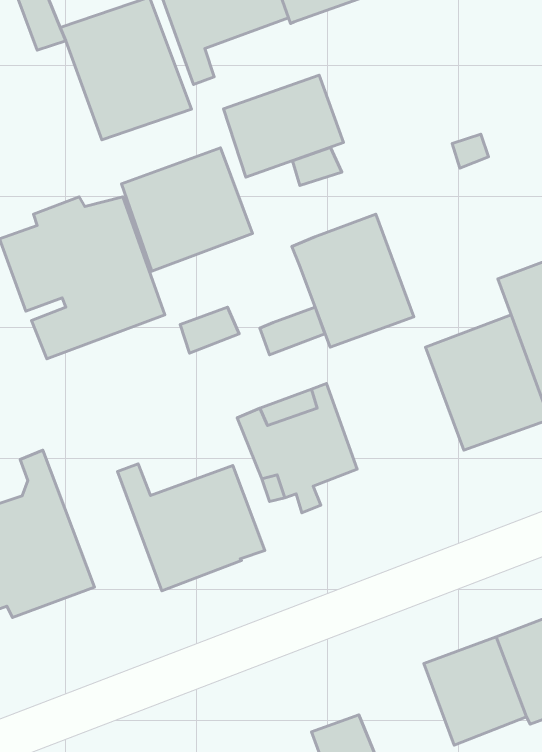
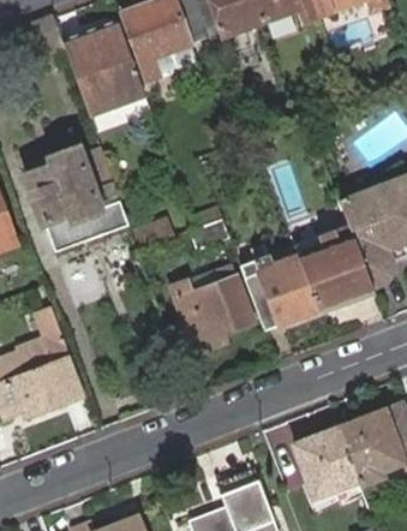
building: [223,75,343,177] -> none
building: [122,148,253,271] -> none
building: [292,214,414,347] -> [241,245,318,329]
building: [117,464,265,591] -> none

